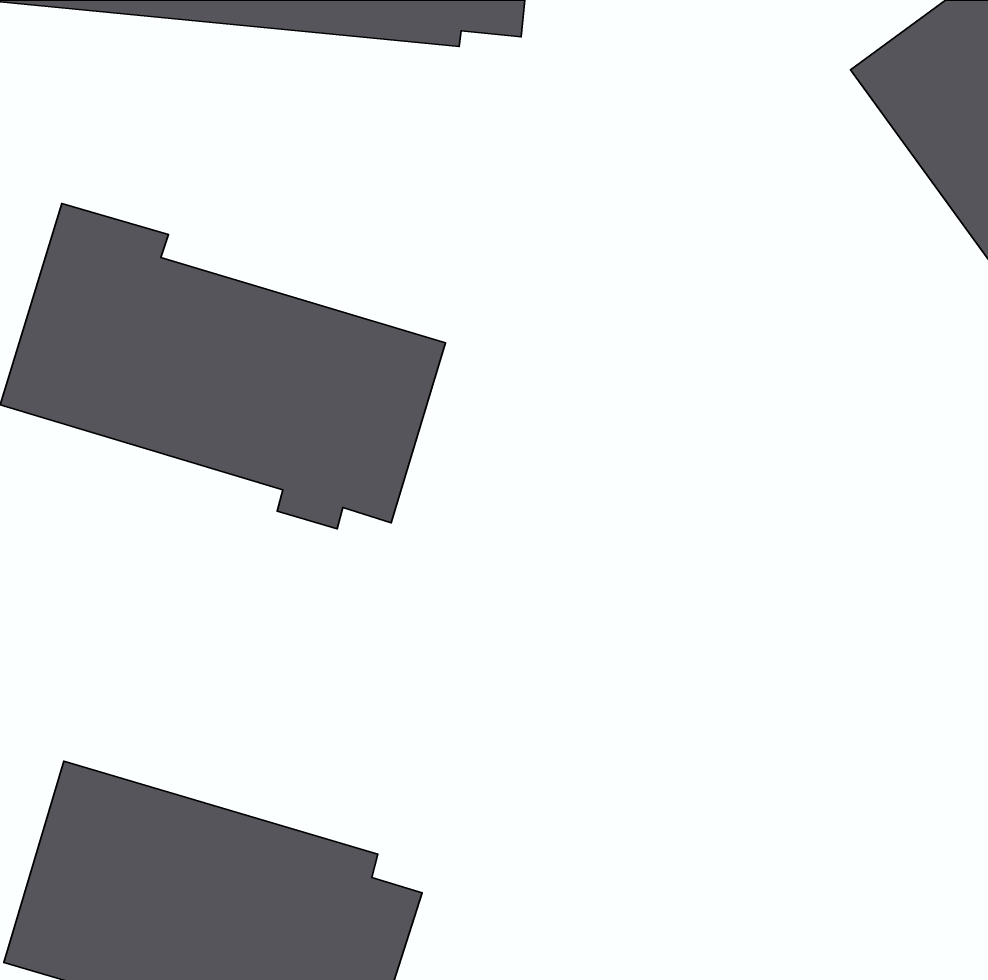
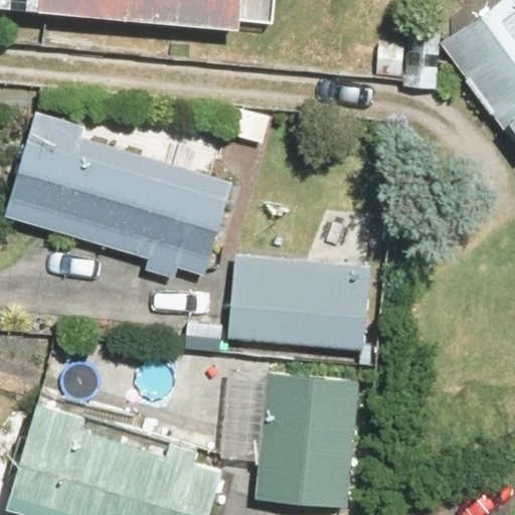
building: none -> [227,256,371,351]
building: none -> [253,372,359,507]

